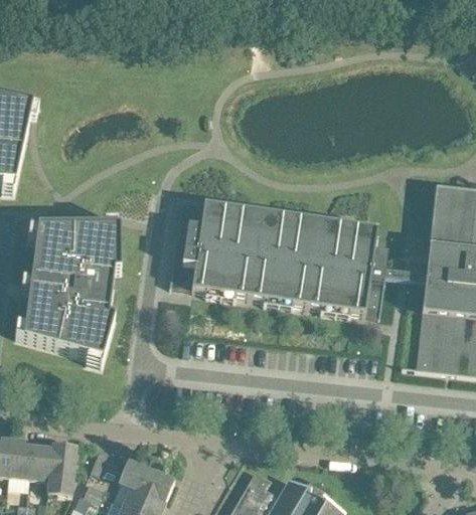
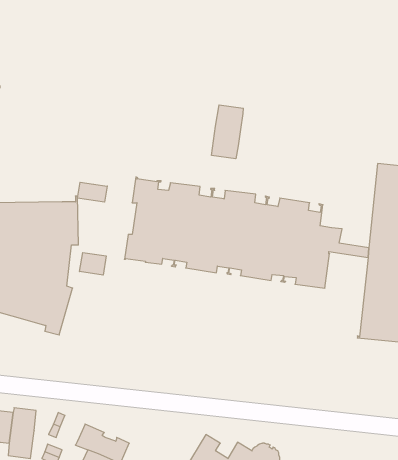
building: none -> [212,105,243,159]
building: none -> [77,182,107,202]
building: none -> [80,253,106,275]

